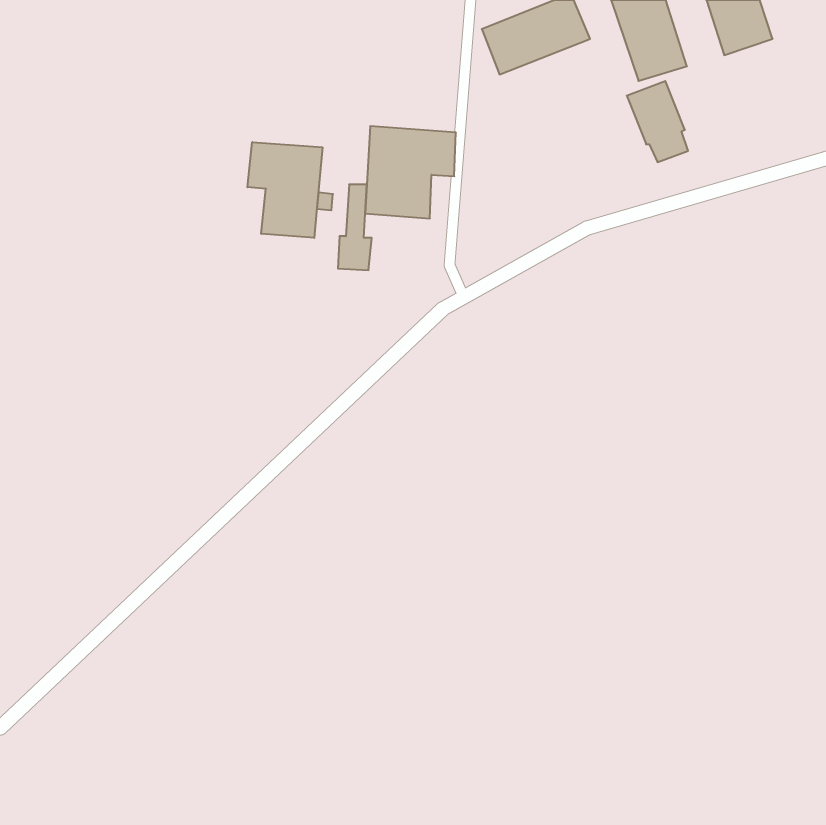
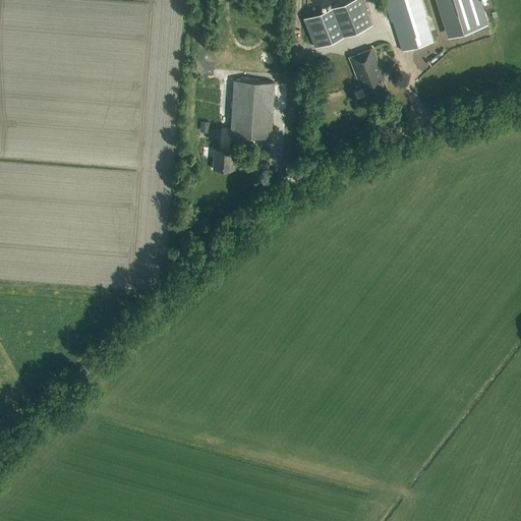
building: [627,81,688,162] -> [348,49,387,100]
building: [247,142,322,238] -> none

